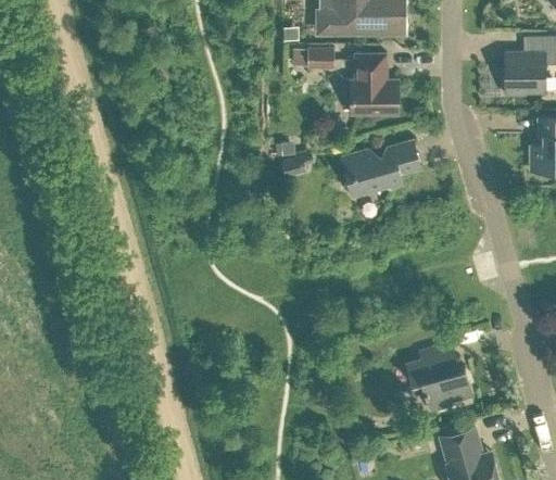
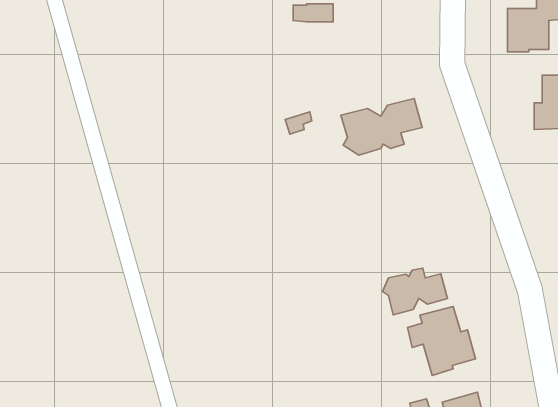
building: [345,53,397,114] -> none
building: none -> [383,268,448,315]

